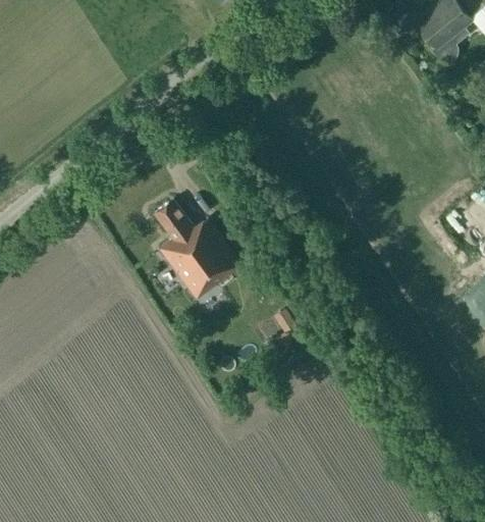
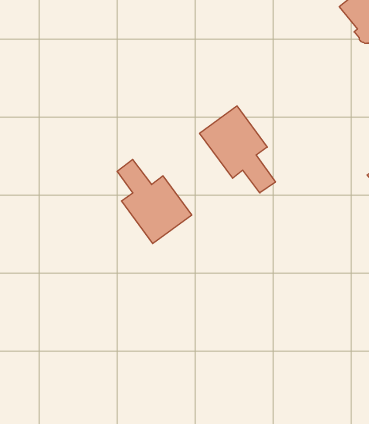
building: none -> [200,106,275,193]

